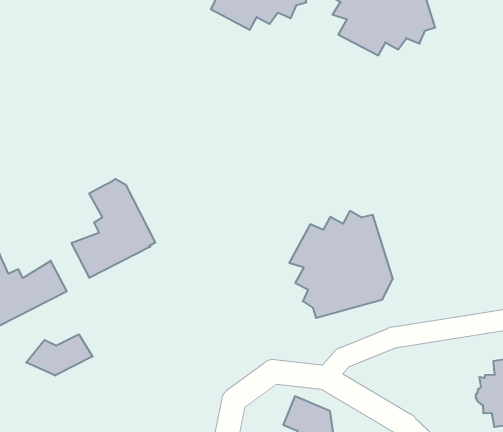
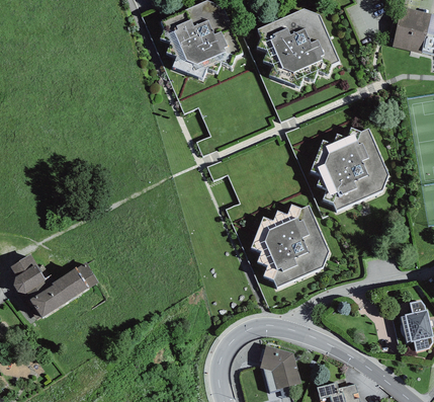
building: none -> [311,127,388,209]
building: [72,179,155,278] -> none
building: [26,334,93,376] -> none

